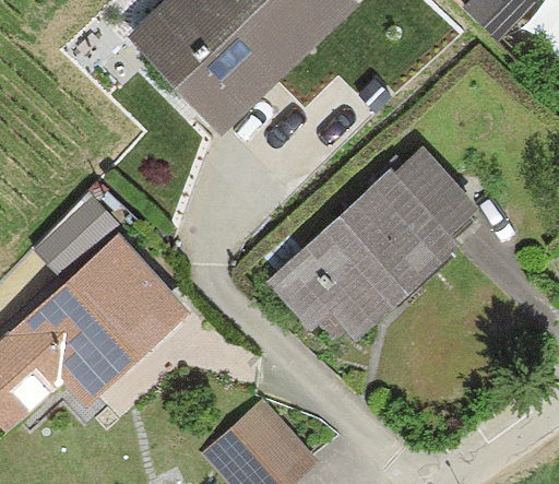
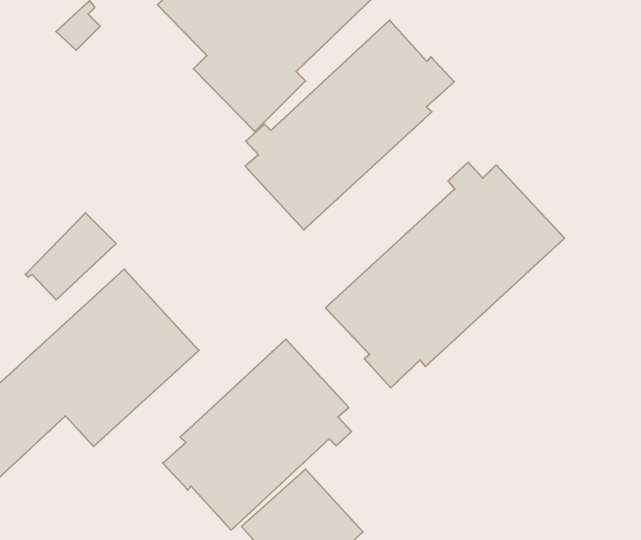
building: none -> [245,20,454,230]
building: none -> [163,339,351,530]

